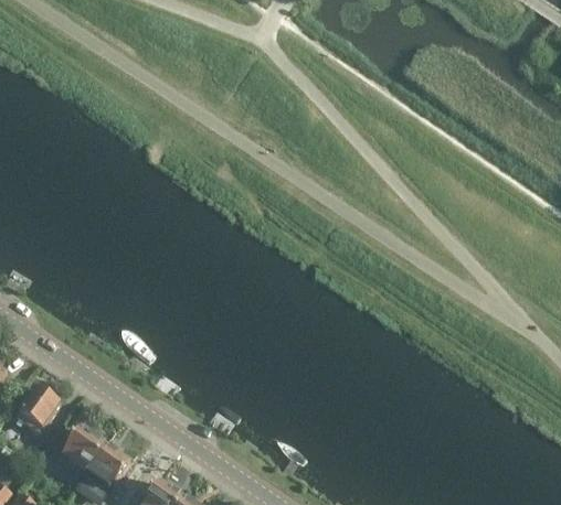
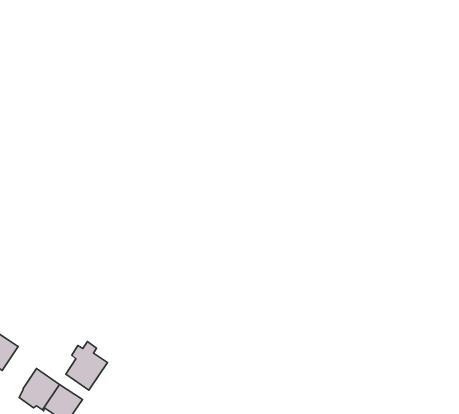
building: none -> [66,342,108,390]

